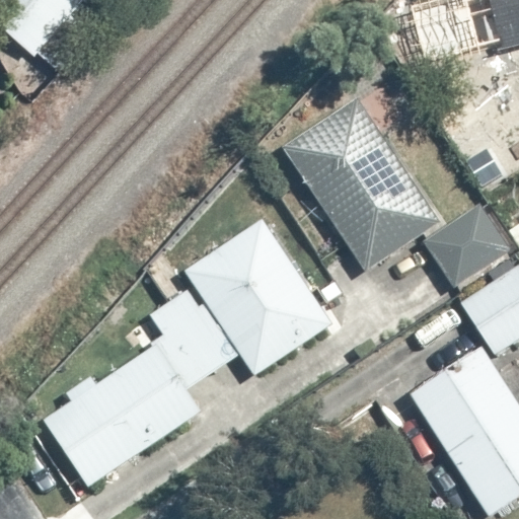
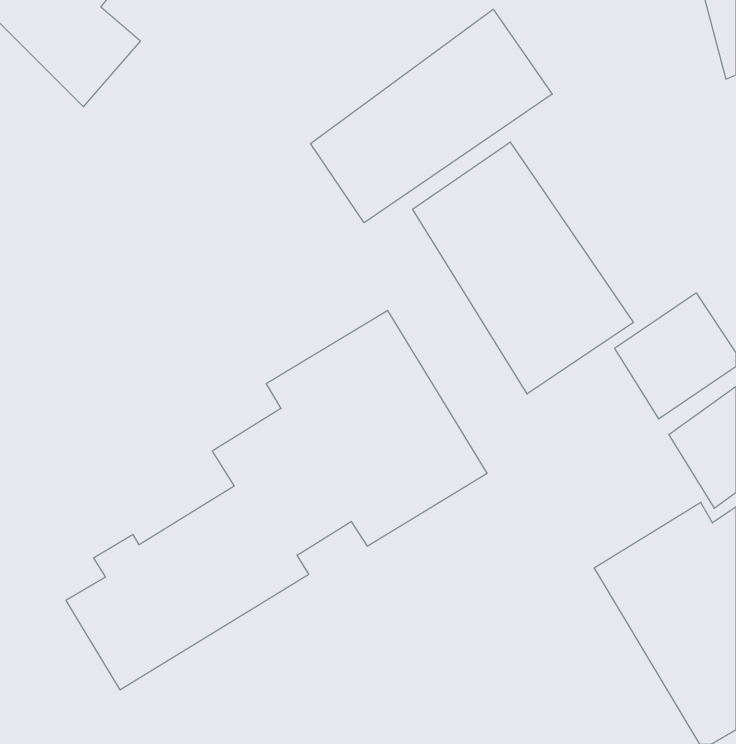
building: none -> [311,9,552,223]

